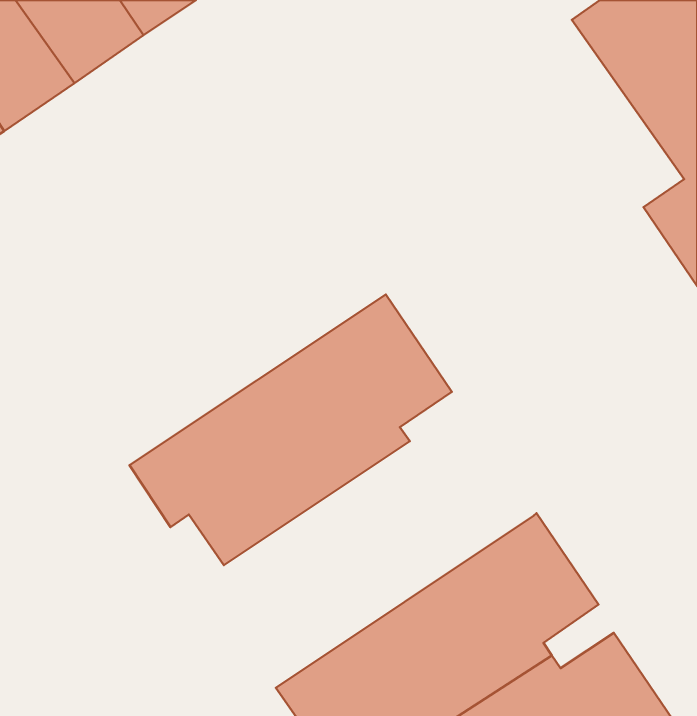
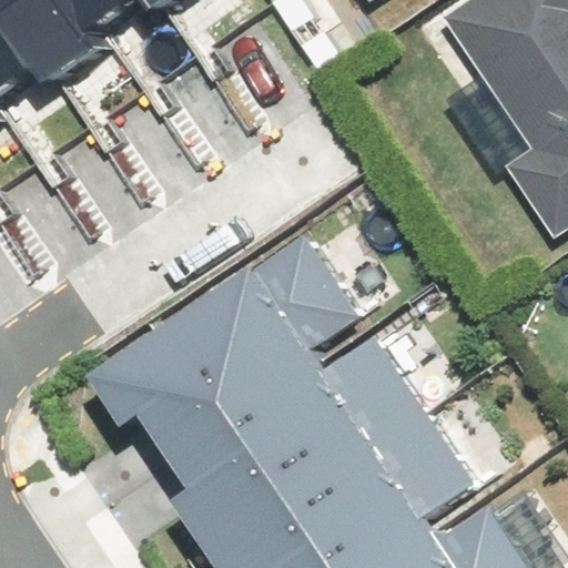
building: none -> [176,336,420,545]

